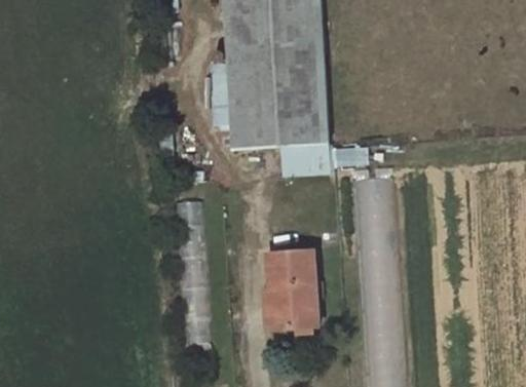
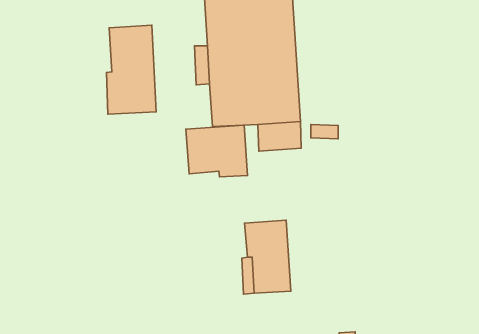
building: none -> [106,25,156,114]
building: none -> [186,125,247,177]

